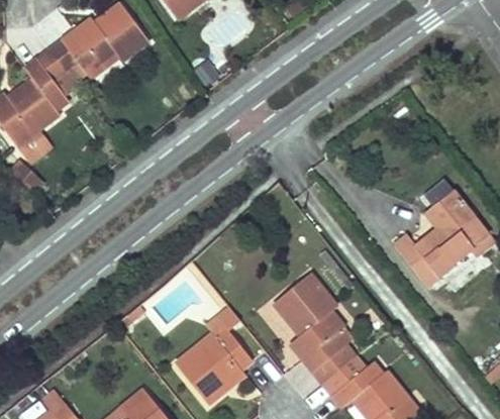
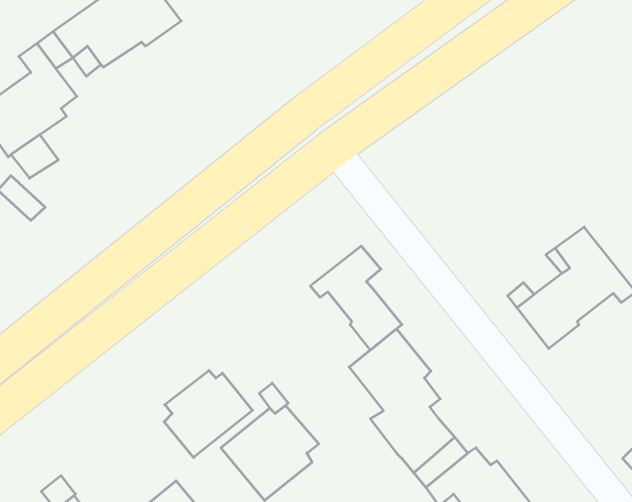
building: none -> [310,246,402,350]
building: none -> [164,370,253,458]

